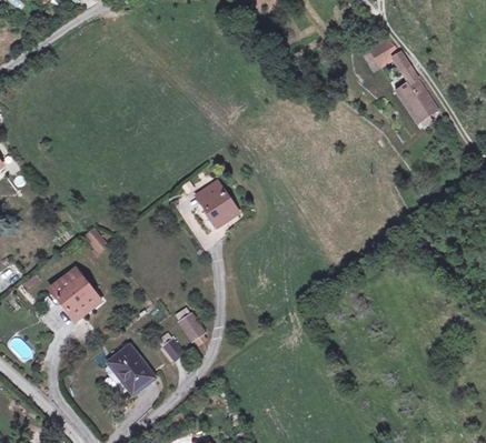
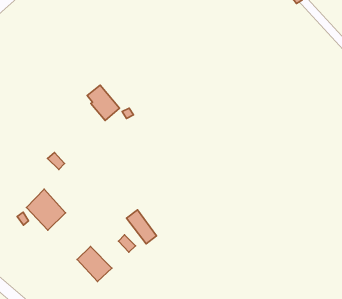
building: [400,79,437,125] -> none
building: [199,183,237,226] -> [87,85,120,120]

